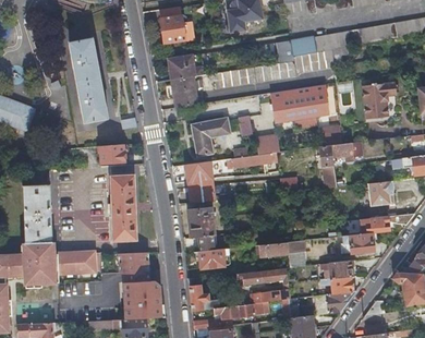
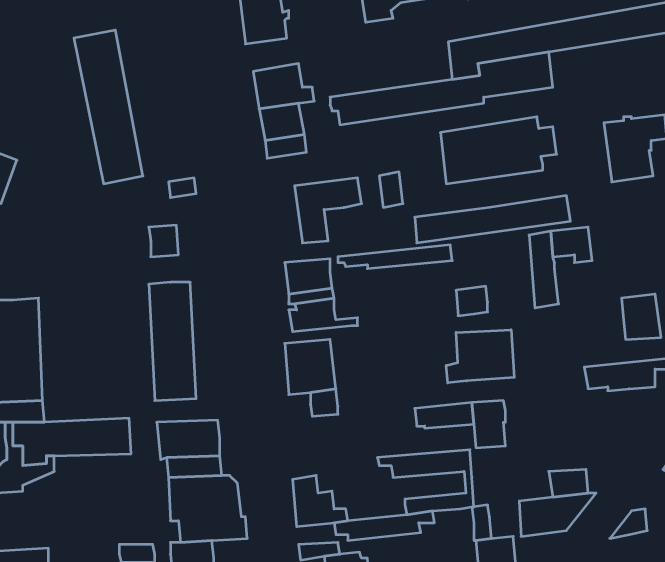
building: none -> [446,330,514,383]
building: [347,234,377,254] -> none
building: [195,249,226,267] -> none
building: [330,262,356,280] -> none

